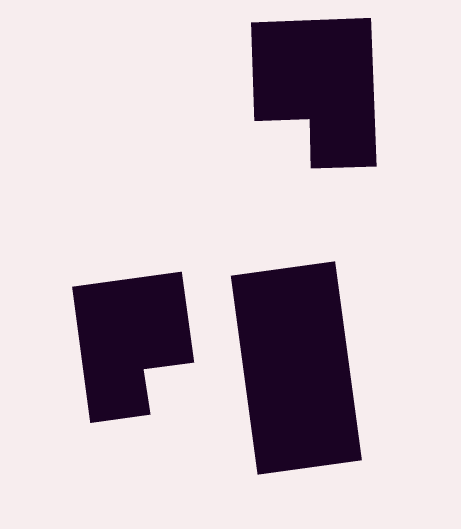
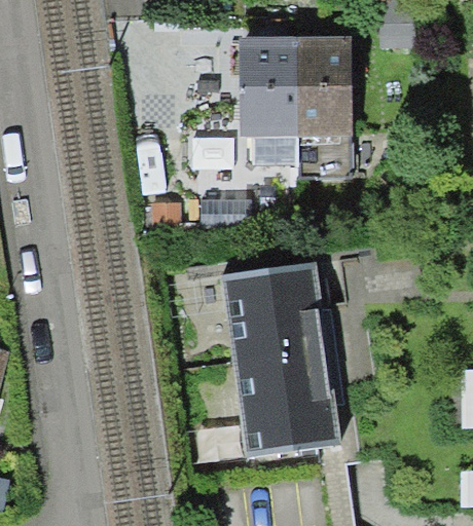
building: [71,271,195,424] -> none

